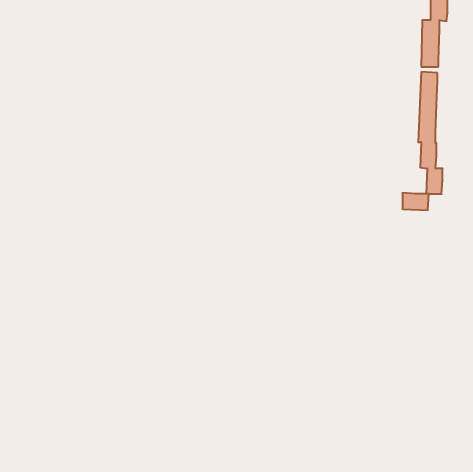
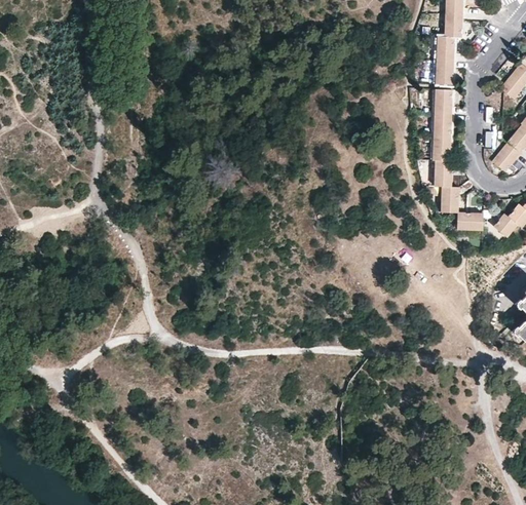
building: [402,193,429,210] -> [456,212,483,230]

